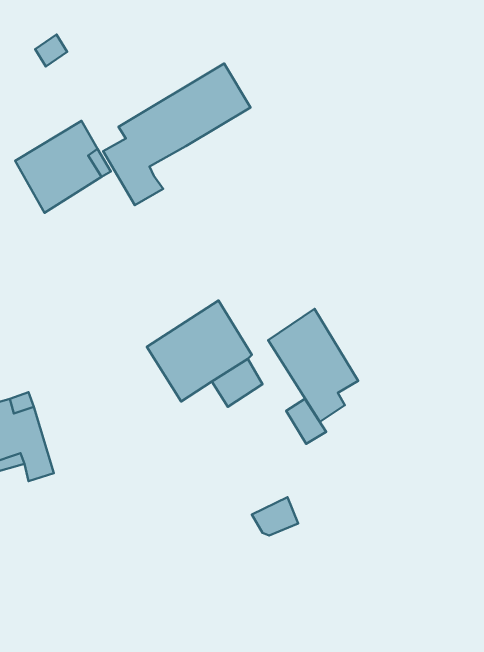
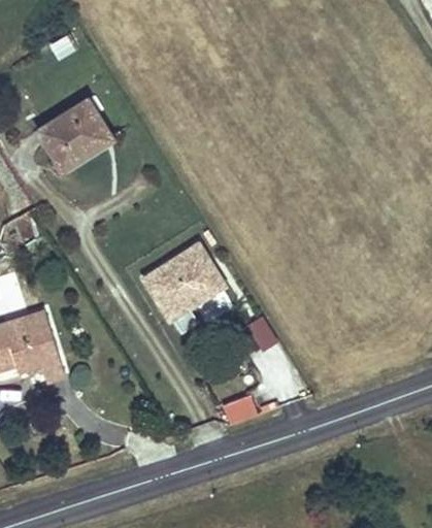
building: [103,64,250,205] -> none
building: [268,309,358,422] -> none

